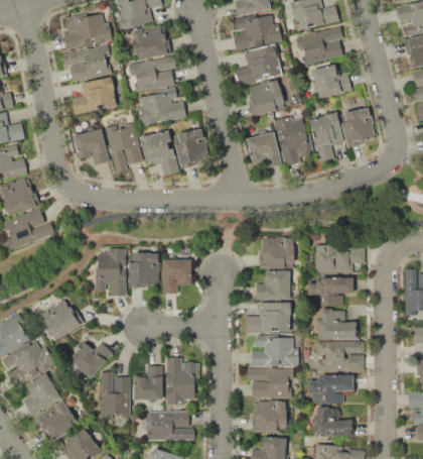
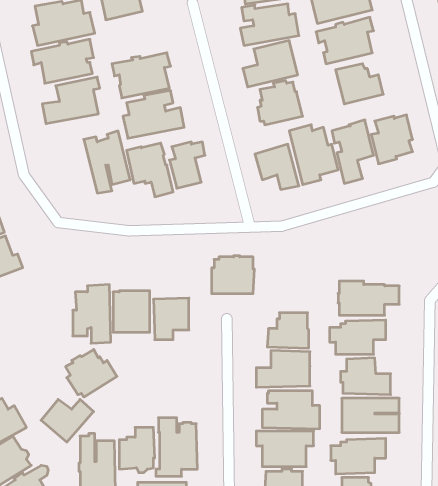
building: [132,24,169,60] -> none
building: [74,128,109,164] -> none
building: [259,236,294,267] -> [212,256,254,294]
building: [41,300,84,339] -> [66,349,117,397]

